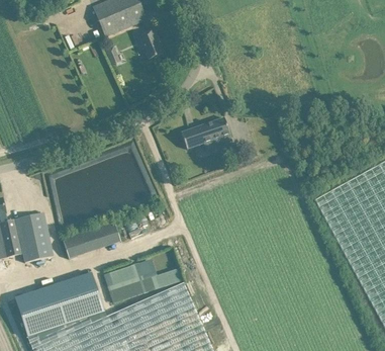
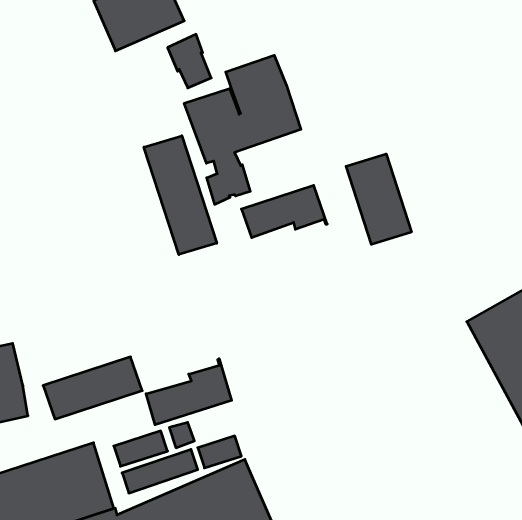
building: none -> [184,55,301,204]
building: none -> [144,136,217,255]
building: none -> [346,154,411,244]
building: none -> [146,359,232,425]

